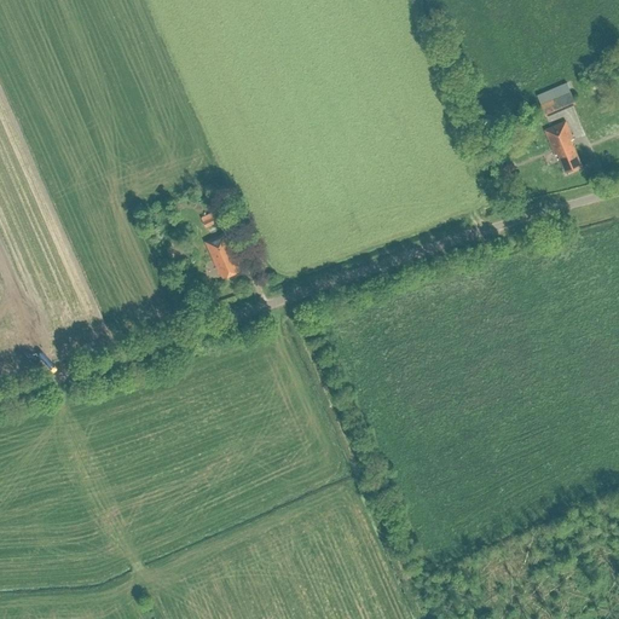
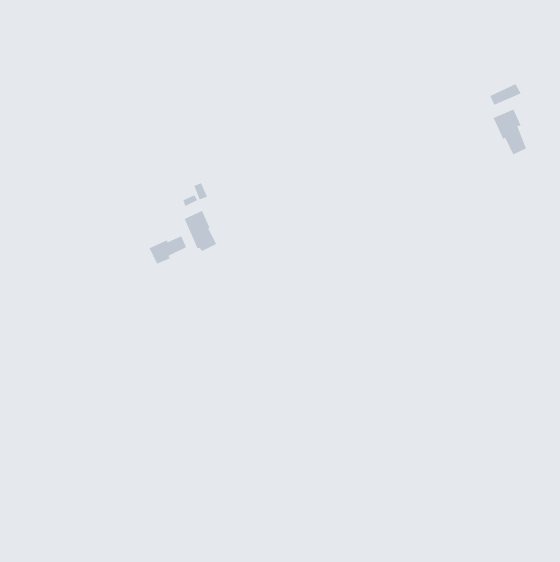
building: none -> [149,236,187,265]

